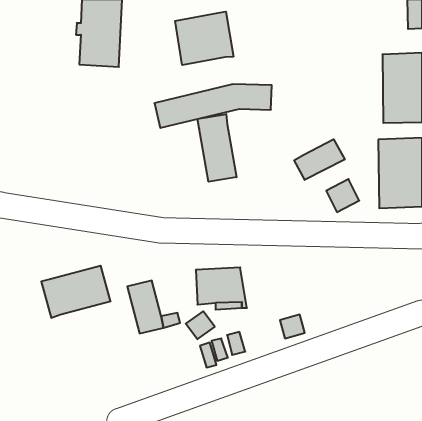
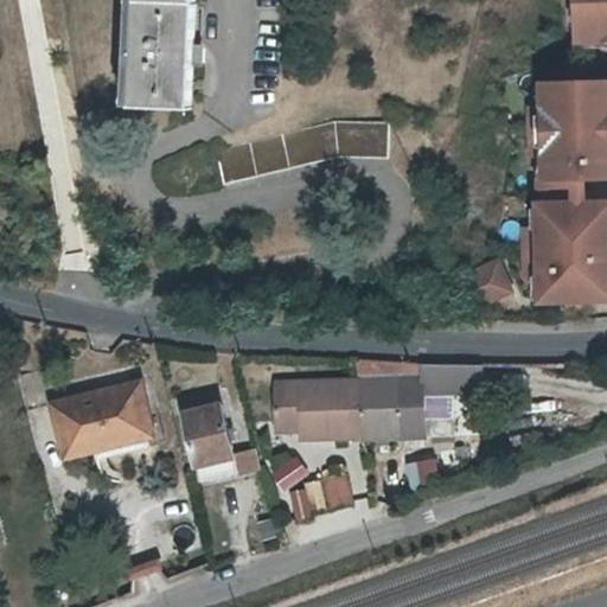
building: [175,12,233,65] -> none
building: [198,114,237,182] -> none
building: [294,139,345,180] -> none
building: none -> [345,362,481,442]

